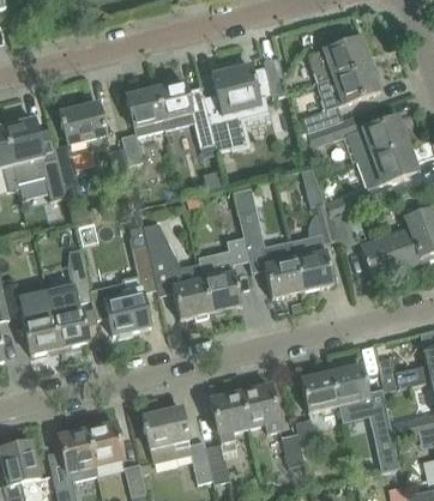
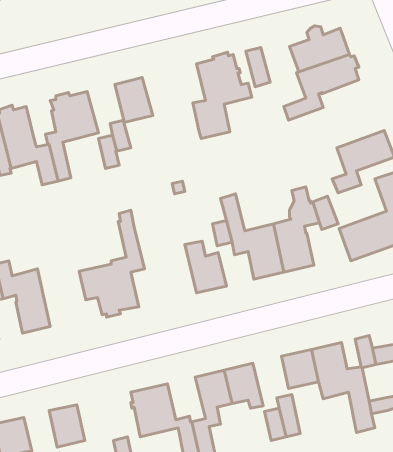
building: [155,80,213,146] -> none
building: [307,115,406,161] -> none
building: [143,222,211,319] -> none
building: [46,262,91,346] -> none
building: [86,421,123,465] -> none

